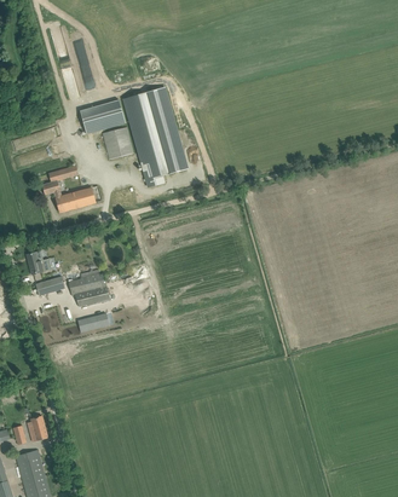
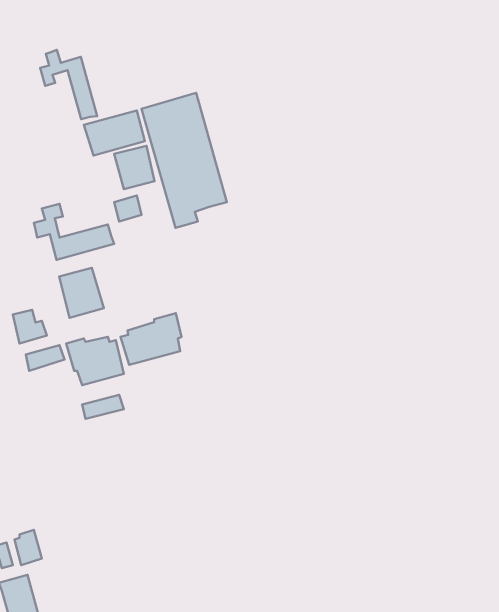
building: none -> [40,50,97,119]
building: none -> [59,268,104,318]
building: none -> [120,313,181,365]

